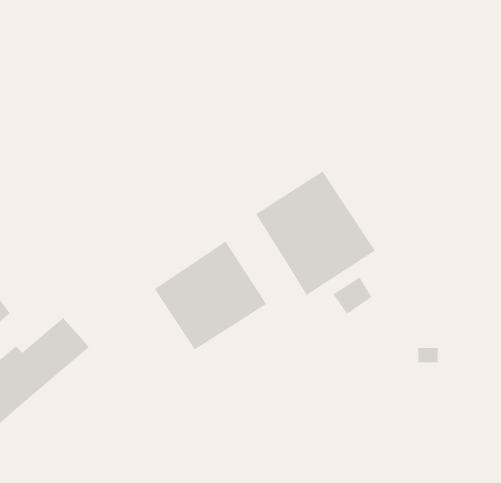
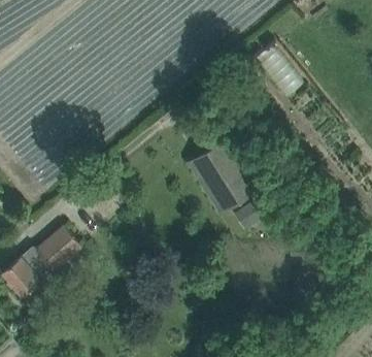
building: [154,240,267,351] -> none

